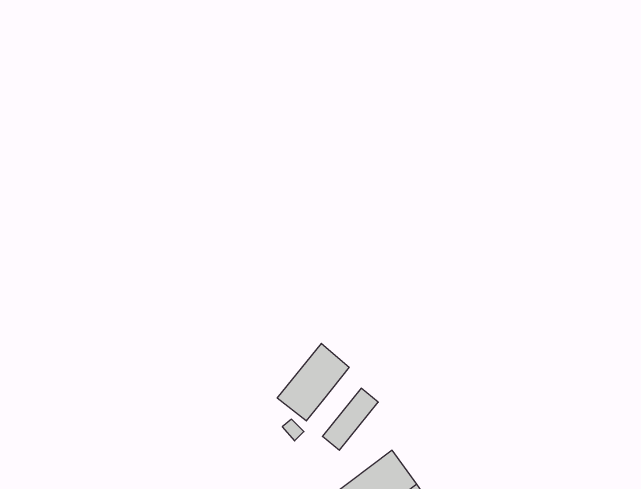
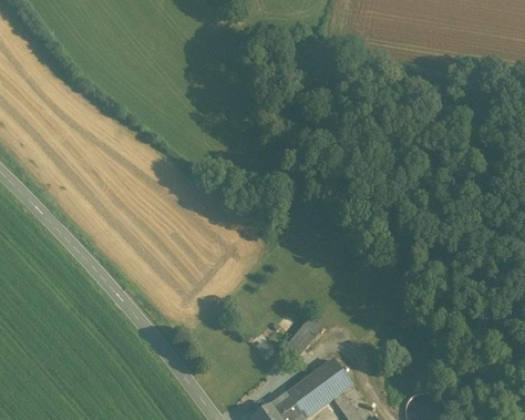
building: [277,343,349,421] -> none

